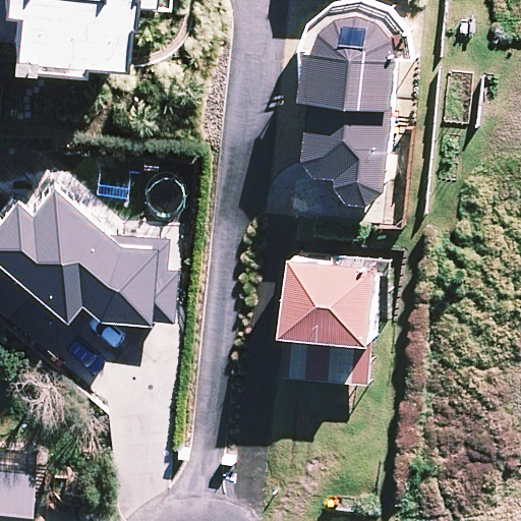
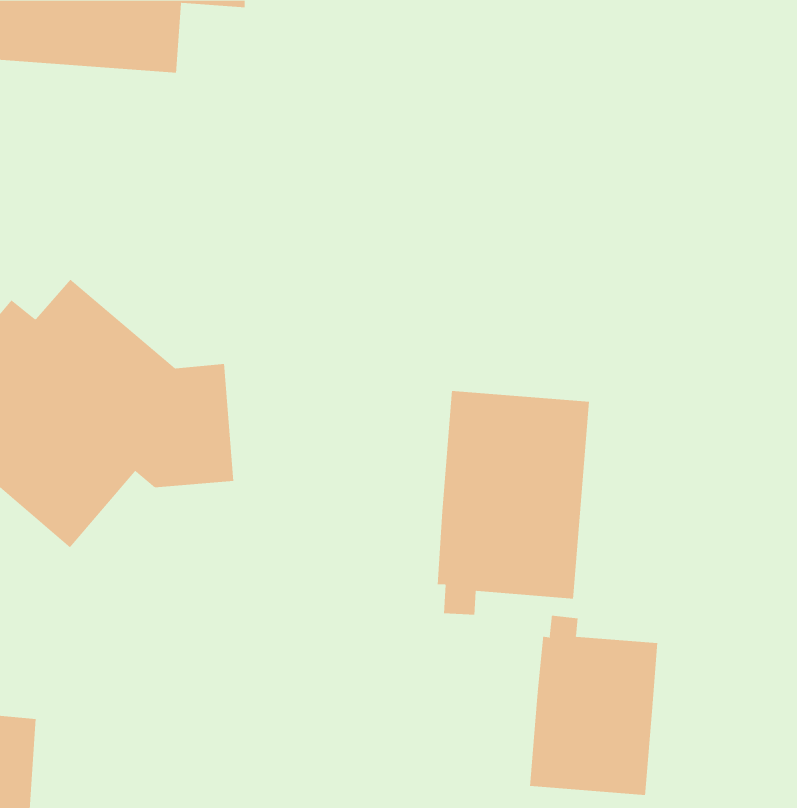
building: [299,10,394,198] -> none
building: none -> [530,615,658,796]

